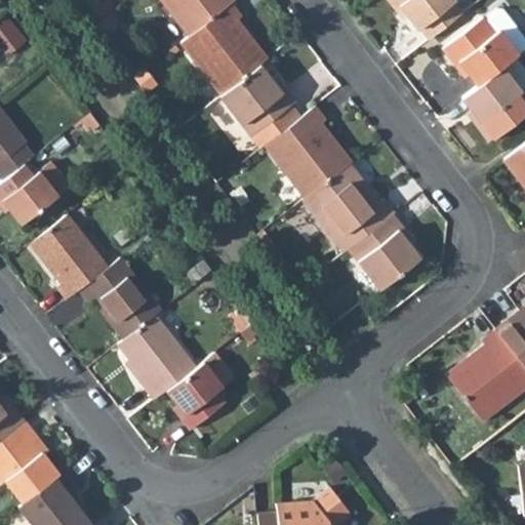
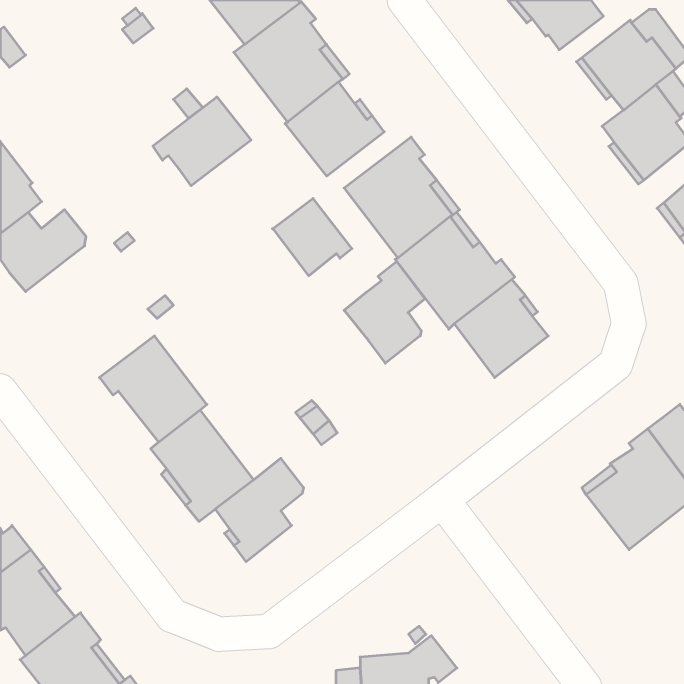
building: none -> [153,97,251,186]
building: none -> [272,198,352,276]
building: none -> [344,261,425,363]
building: [30,214,108,299] -> none

